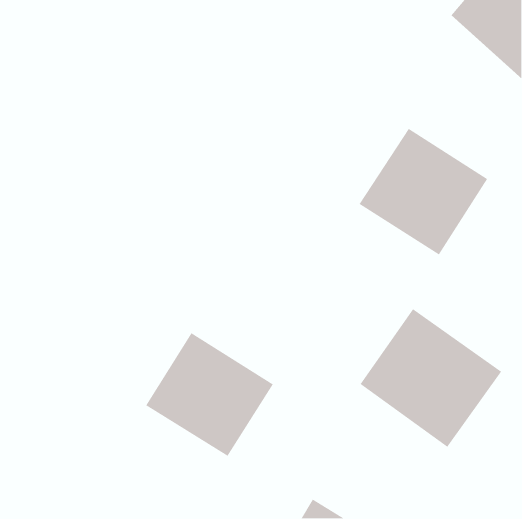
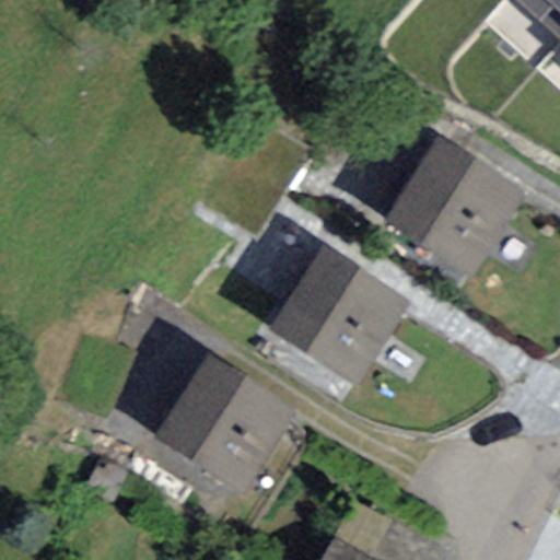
building: none -> [269,244,409,383]
building: [359,308,502,448] -> none

